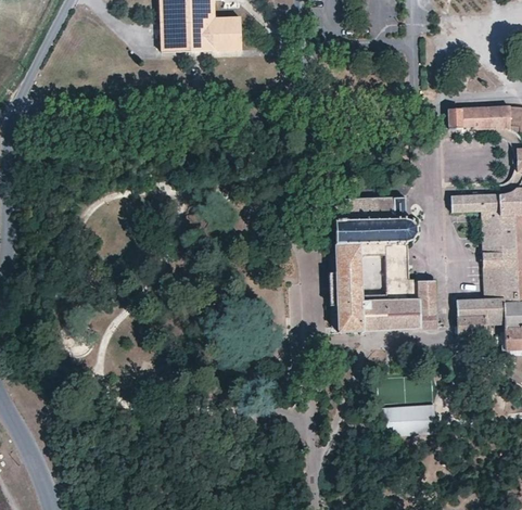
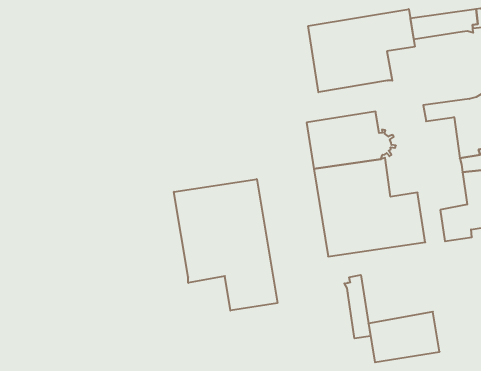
building: none -> [308,9,415,92]
building: none -> [174,179,277,311]
building: none -> [344,275,370,338]

